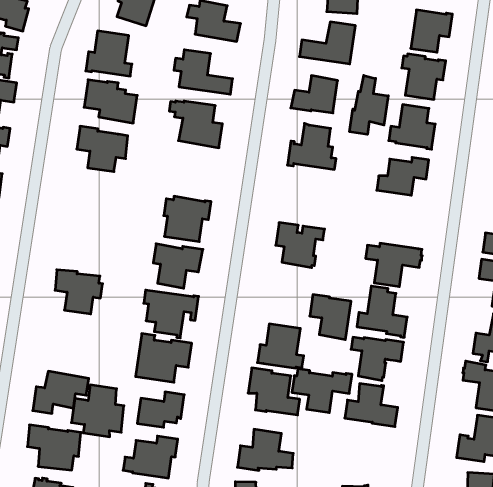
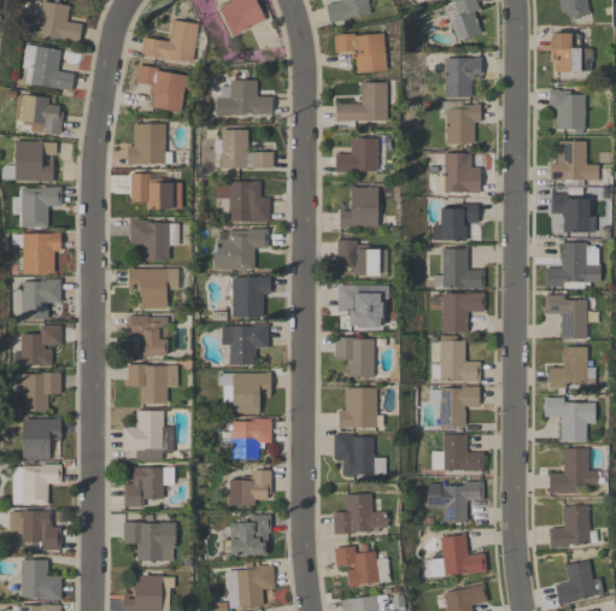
building: [350,75,388,134] -> none
building: none -> [215,229,268,269]
building: none -> [129,268,186,310]
building: none -> [338,240,386,276]
building: none -> [434,247,485,288]
building: none -> [128,316,174,356]
building: [310,295,351,340] -> [335,337,374,377]
building: [292,369,352,413] -> [427,481,483,522]
building: [71,385,124,437] -> [123,411,174,459]

